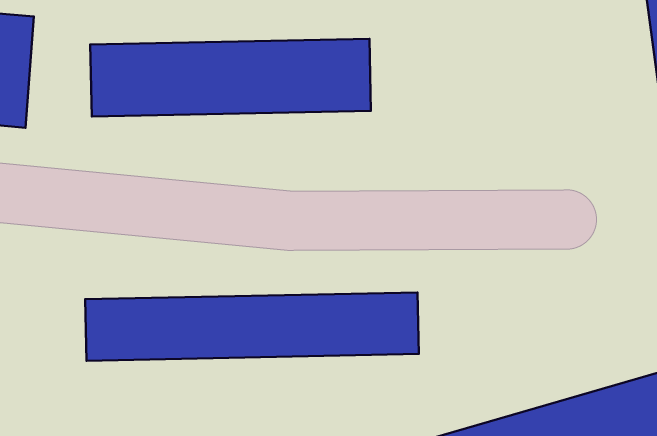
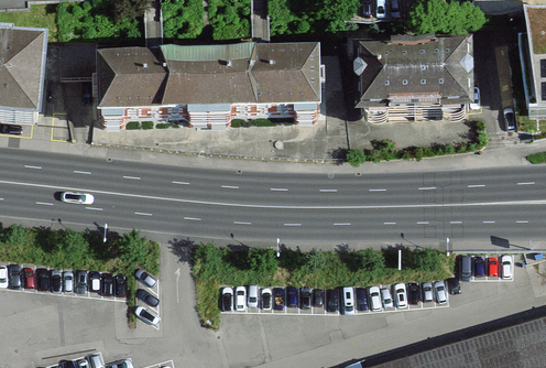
building: none -> [349,36,468,110]
building: [85,293,419,361] -> none

